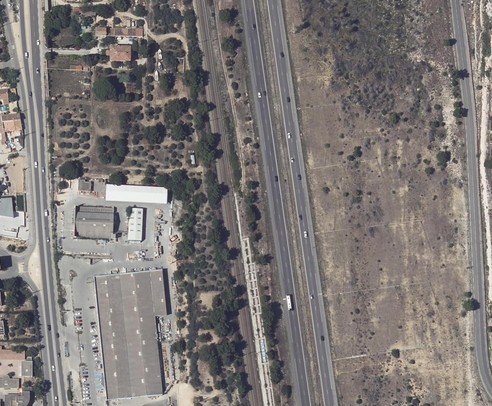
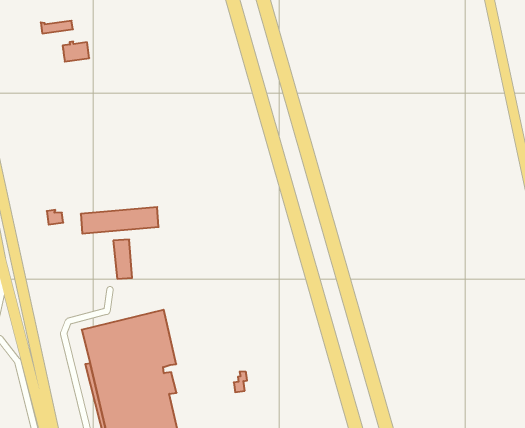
building: [74,206,115,239] -> none

